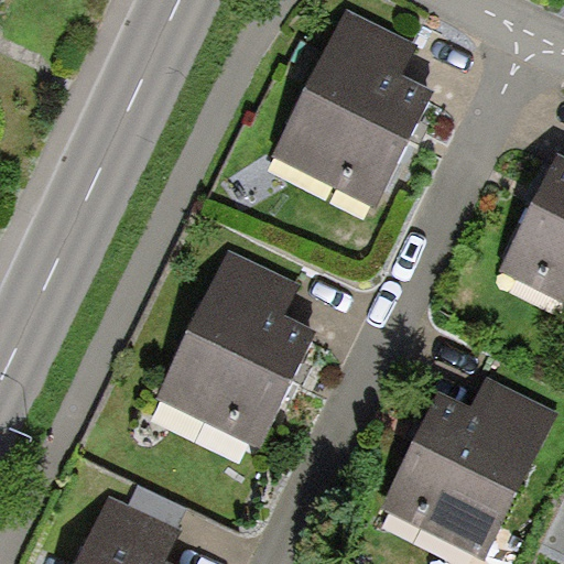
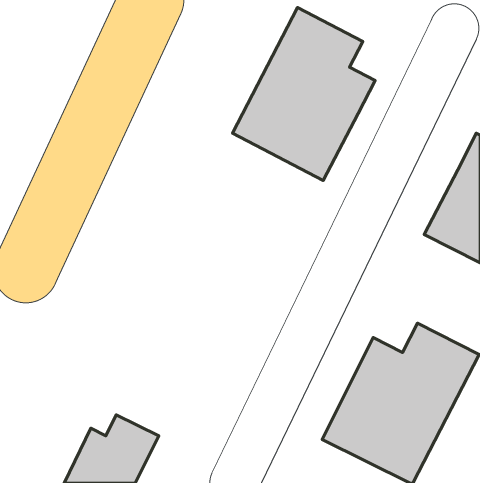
building: [154,251,316,455] -> none

